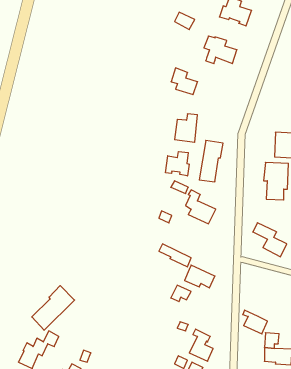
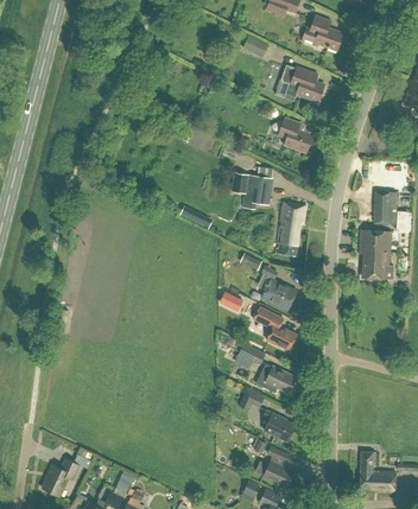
building: [171,68,198,95] -> [278,117,312,152]
building: [166,152,189,176] -> none
building: [253,223,287,257] -> [253,307,297,351]
building: [32,286,75,330] -> none
building: [243,310,267,334] -> [262,411,294,441]

